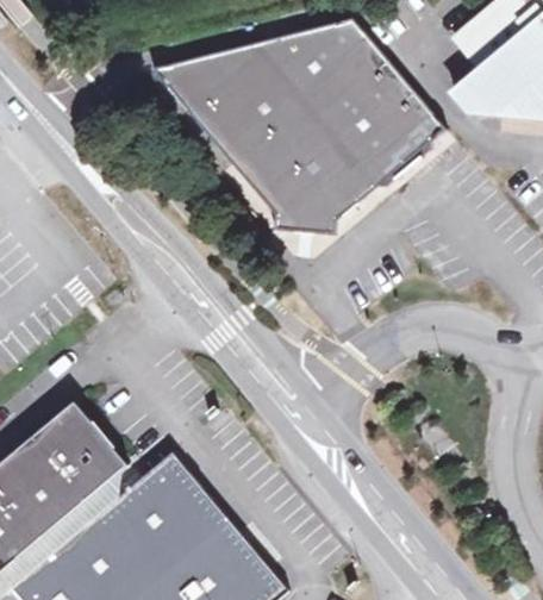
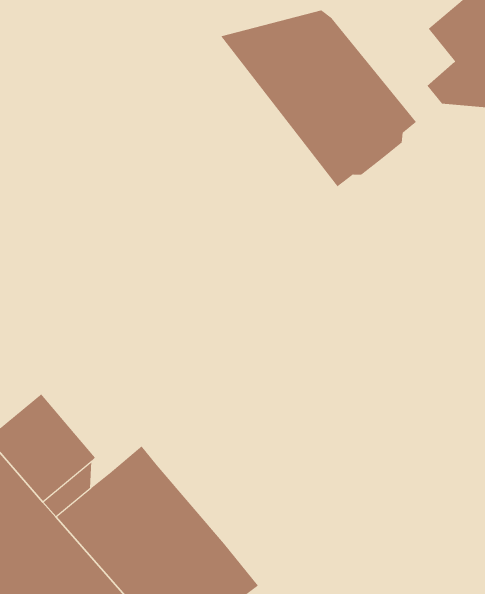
building: [154,48,364,237] -> none

